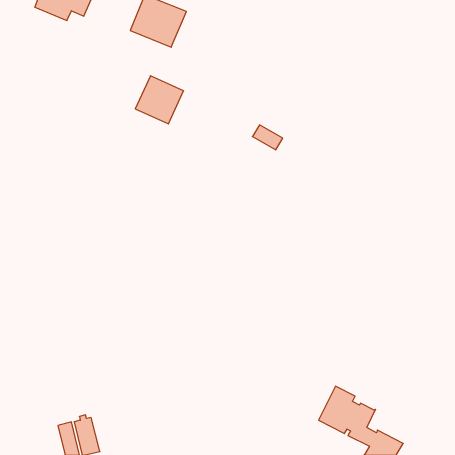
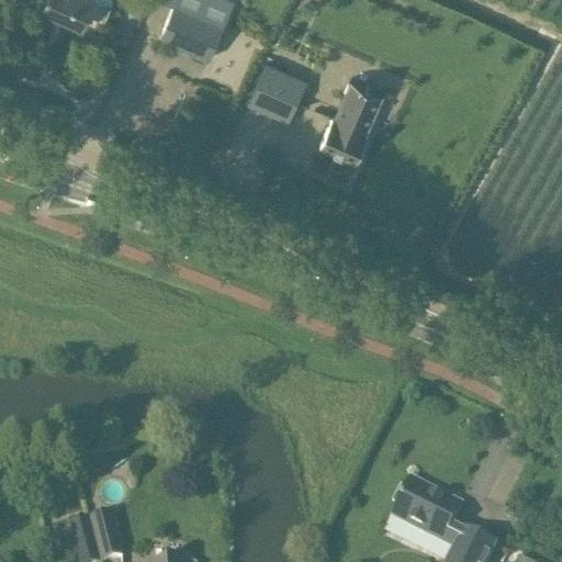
building: none -> [321,78,385,159]
building: [135,76,184,124] -> [249,61,308,121]

